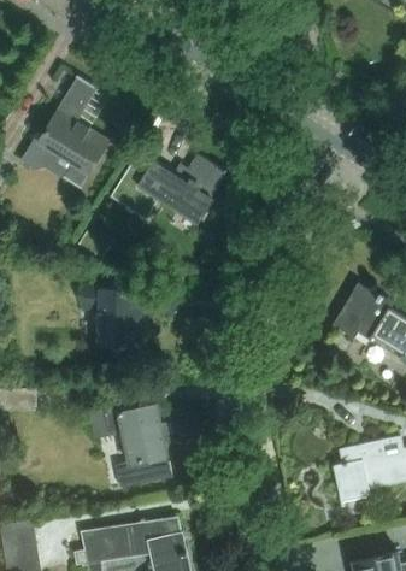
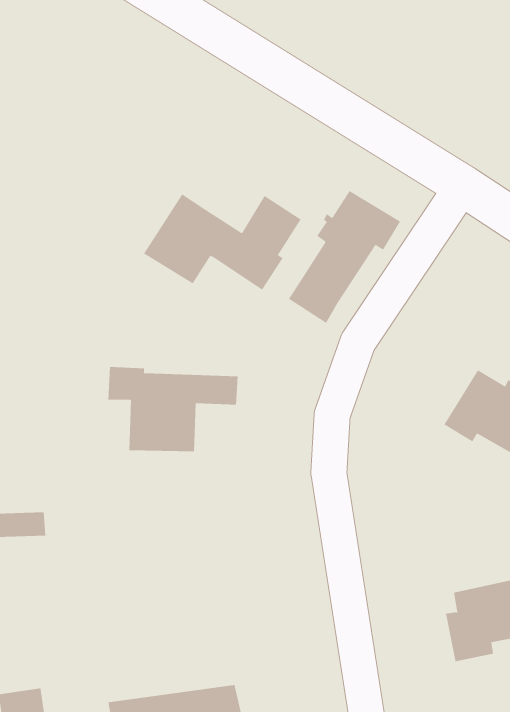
building: [23,80,107,190] -> none
building: none -> [288,190,401,324]
building: [88,404,172,485] -> none

